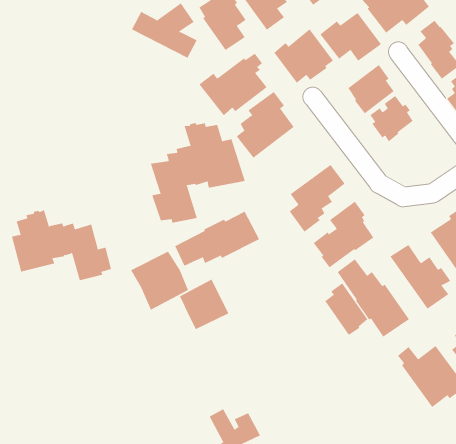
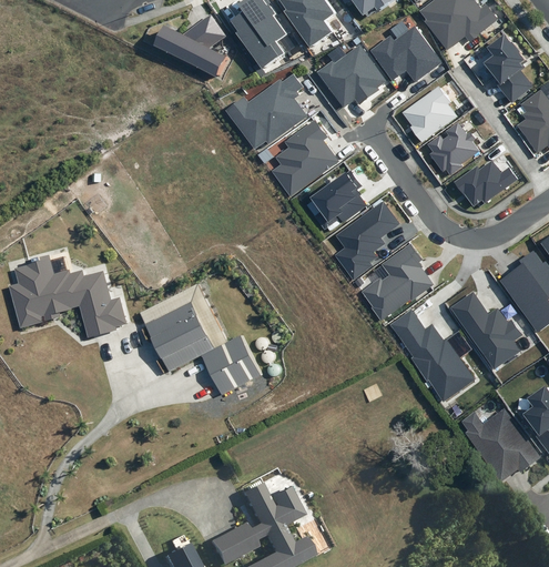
building: [150,122,246,223] -> none
building: none -> [454,160,516,206]
building: none -> [309,170,365,229]
building: [174,211,260,266] -> none
building: [324,283,368,336] -> none

